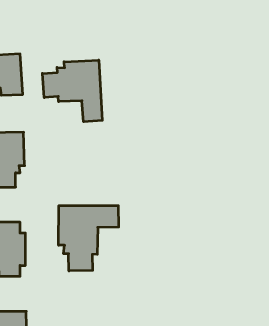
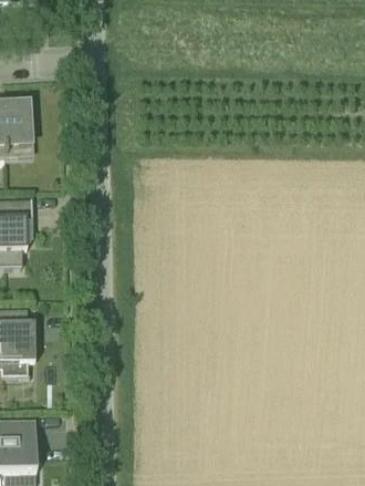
building: [42,60,102,122] -> none
building: [59,206,119,271] -> none

